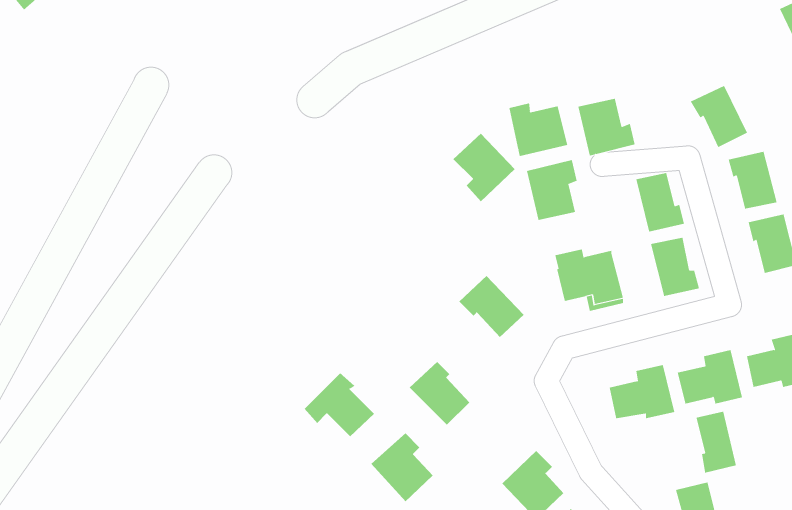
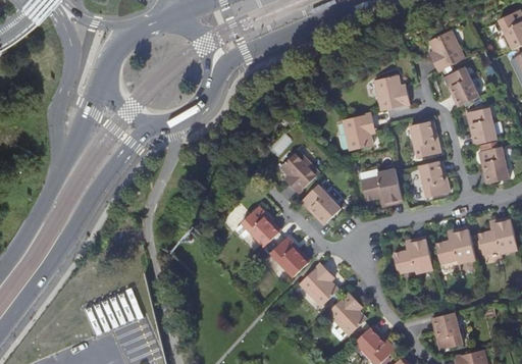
building: none -> [428,31,463,71]
building: [509,102,568,157] -> none
building: [453,133,515,202] -> [279,151,318,194]
building: [304,373,375,437] -> [234,207,278,247]
building: [696,411,737,474] -> none
building: [371,433,433,502] -> [299,264,337,307]

